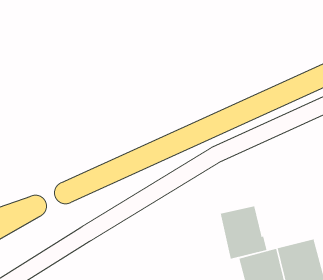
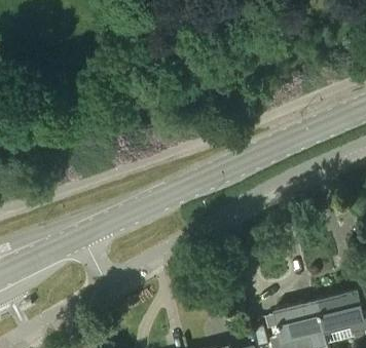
building: [220,205,267,260] -> none

